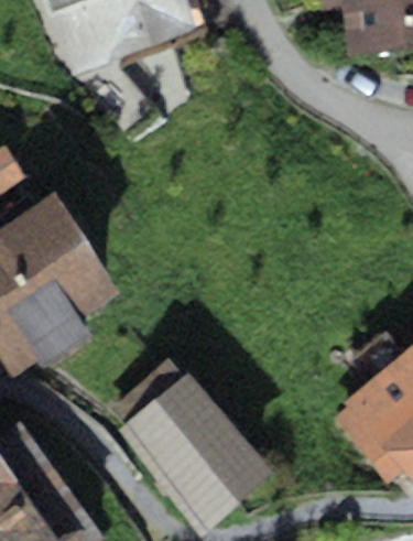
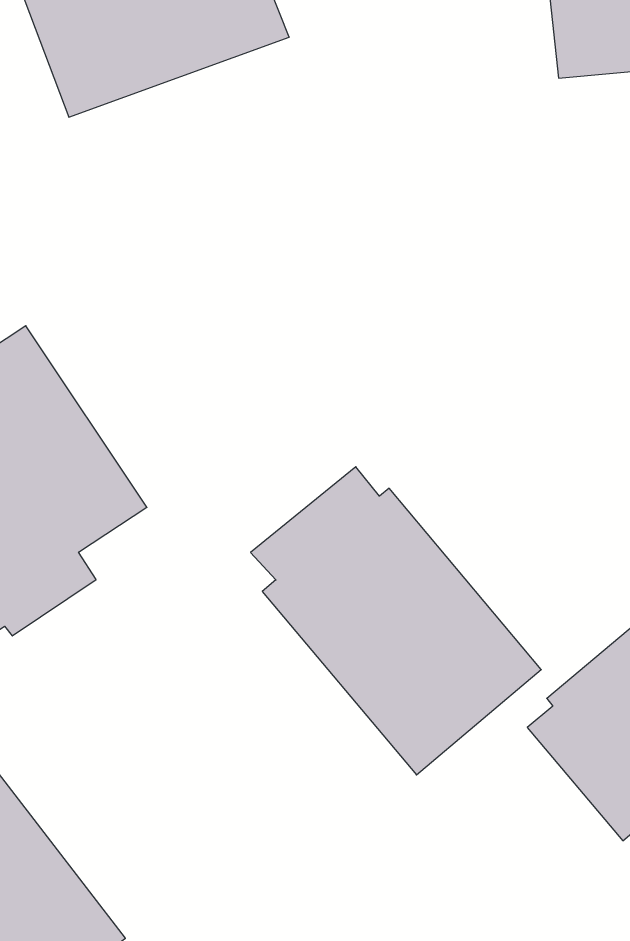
building: [109,359,273,533] -> [251,467,541,775]

